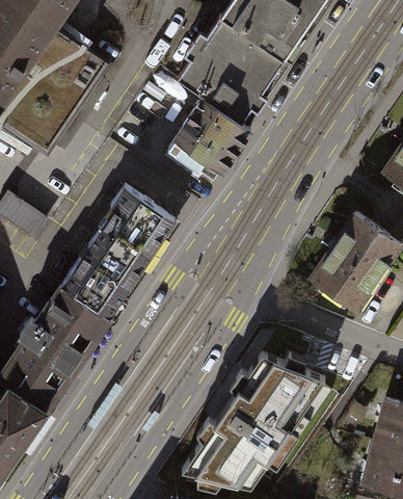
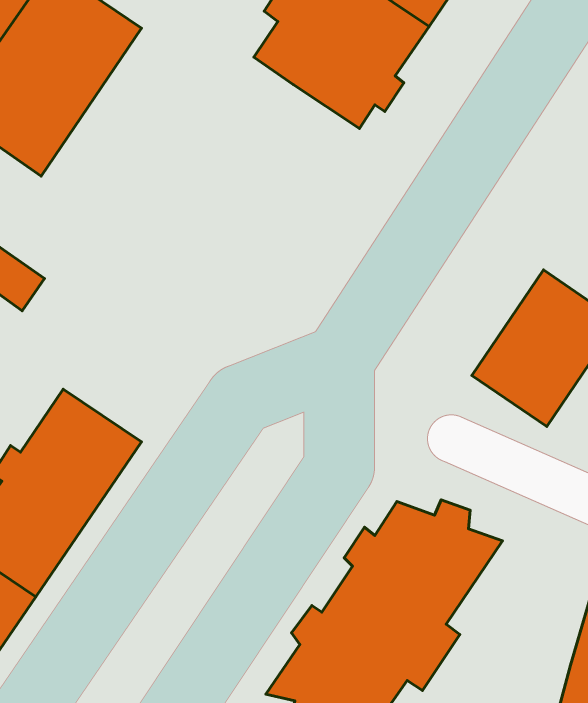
building: [165,100,248,179] -> none
building: [60,189,172,318] -> none

